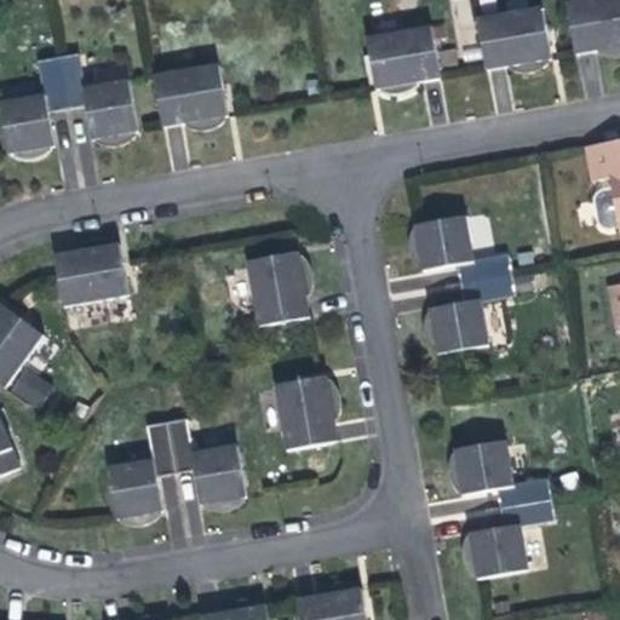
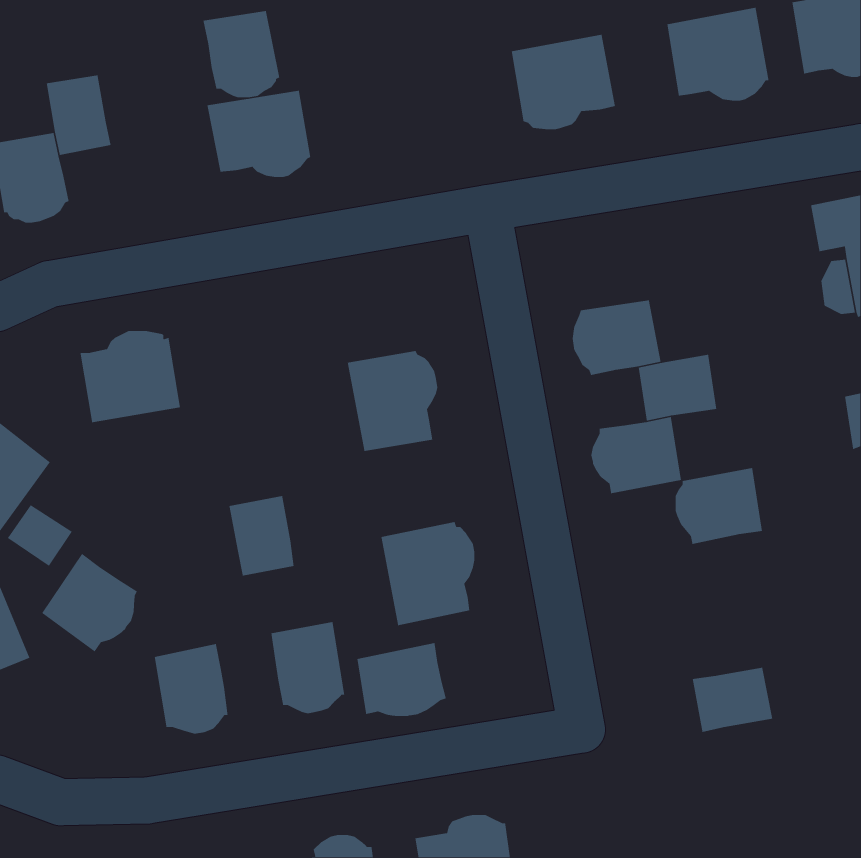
building: [76,80,132,143] -> [202,10,280,98]
building: none -> [41,553,138,652]
building: [149,420,196,478] -> [229,495,295,577]
building: [449,437,512,493] -> [675,467,763,545]
building: none -> [356,642,447,717]
building: [463,521,527,576] -> none

